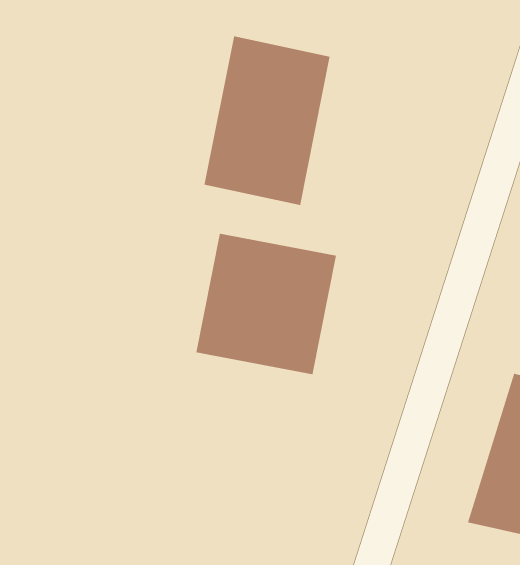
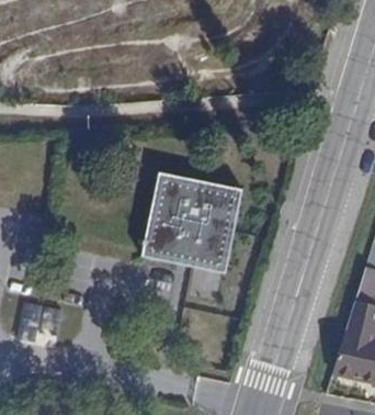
building: [204,35,330,206] -> none

